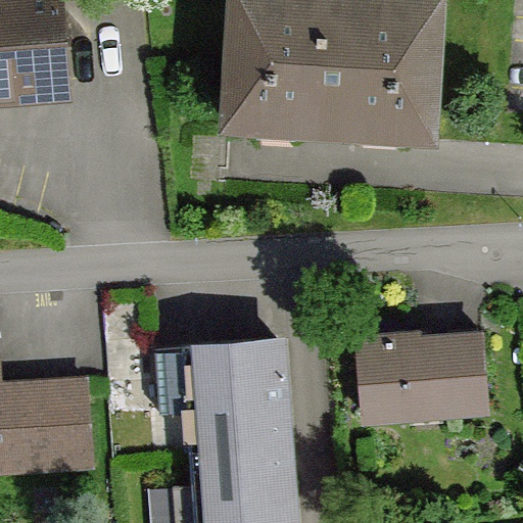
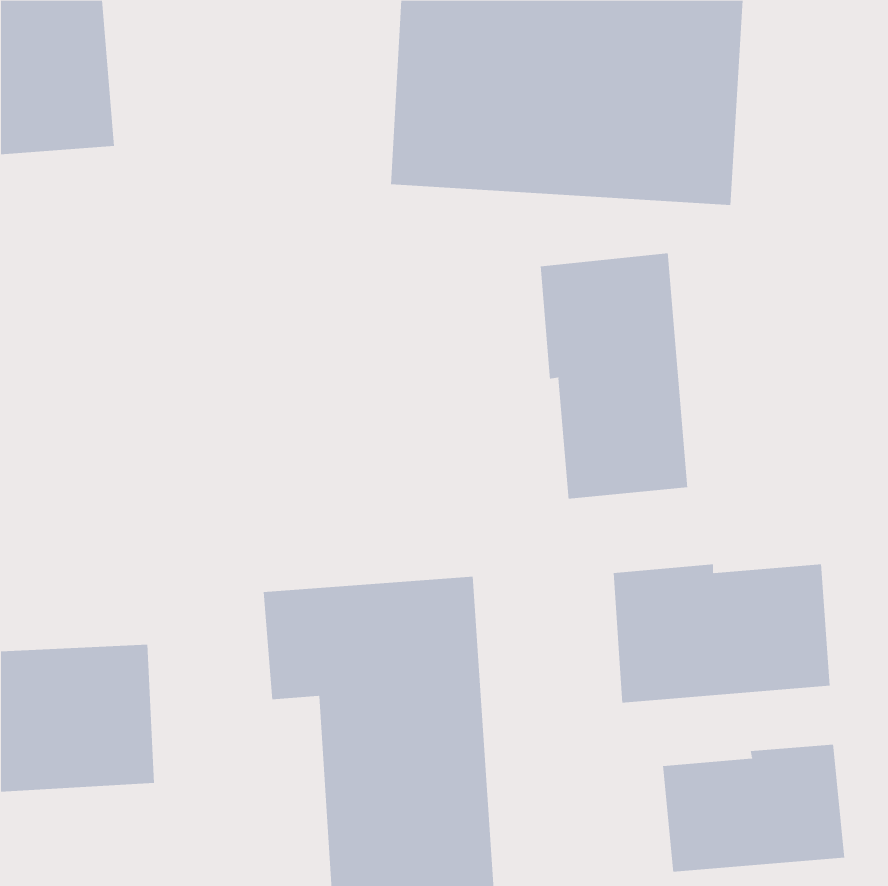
building: none -> [540,253,688,500]
building: none -> [663,744,845,873]

